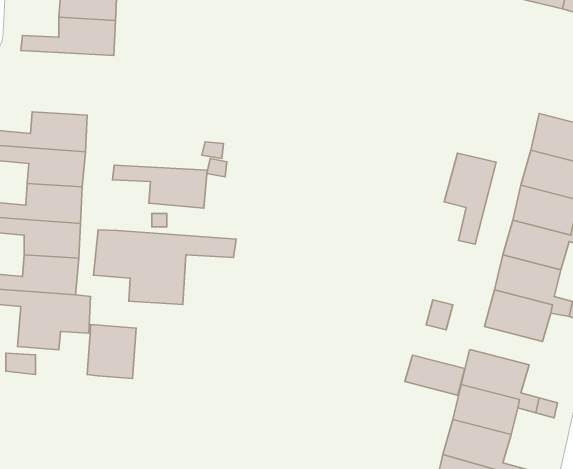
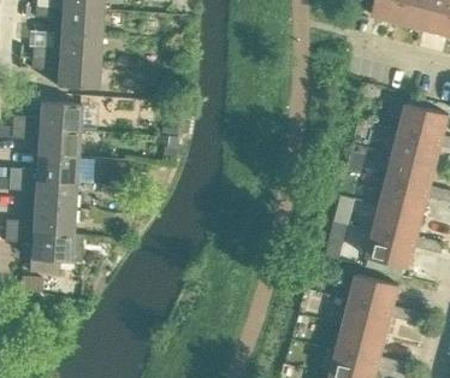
building: [444,153,496,244] -> none
building: [112,165,207,208] -> [29,58,97,89]
building: [94,230,236,305] -> none
building: [87,324,136,378] -> none
building: [405,355,465,395] -> none

